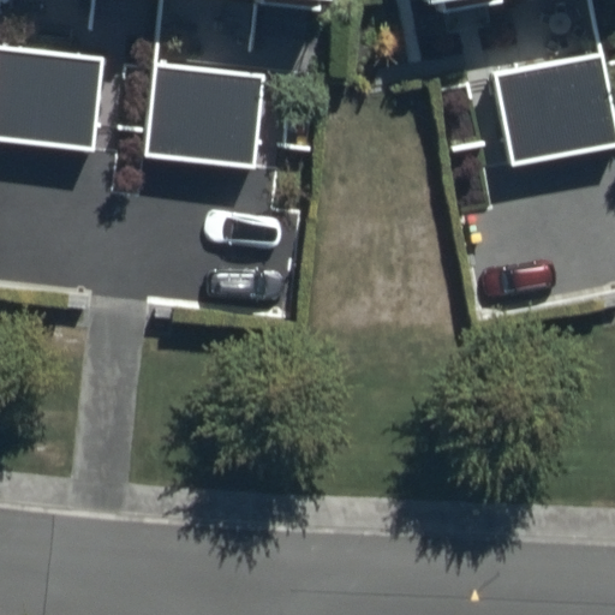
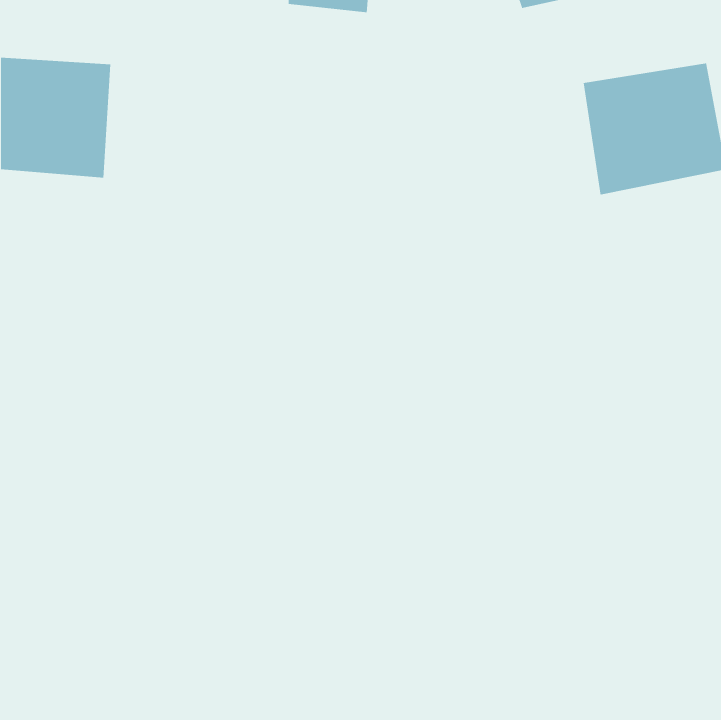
building: [144,66,261,166] -> none

